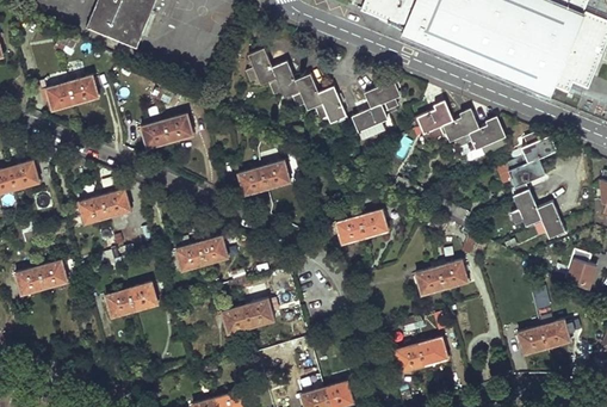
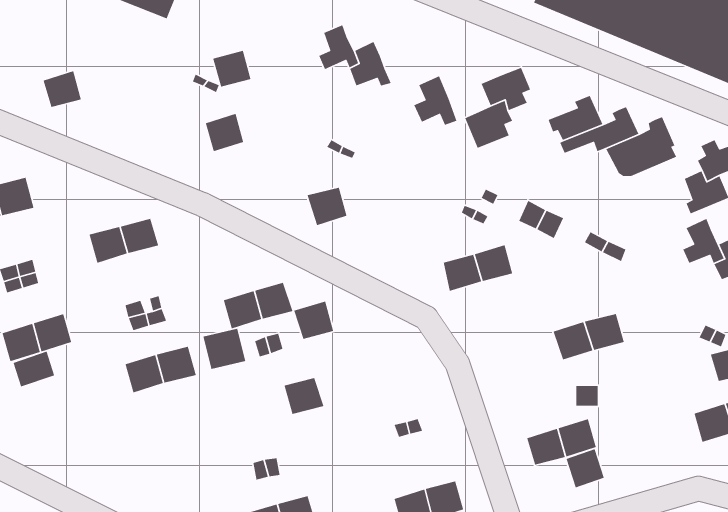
building: [291,75,323,109] -> none
building: [68,76,98,105] -> none
building: [141,122,169,149] -> [212,50,252,88]
building: [261,162,291,190] -> none
building: none -> [203,328,246,370]
building: none -> [12,350,55,388]
building: [243,300,273,328] -> [293,300,334,340]
building: none -> [566,448,605,489]

